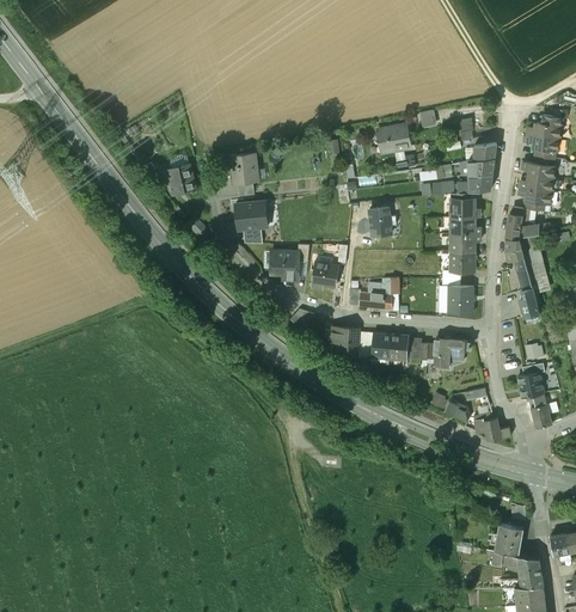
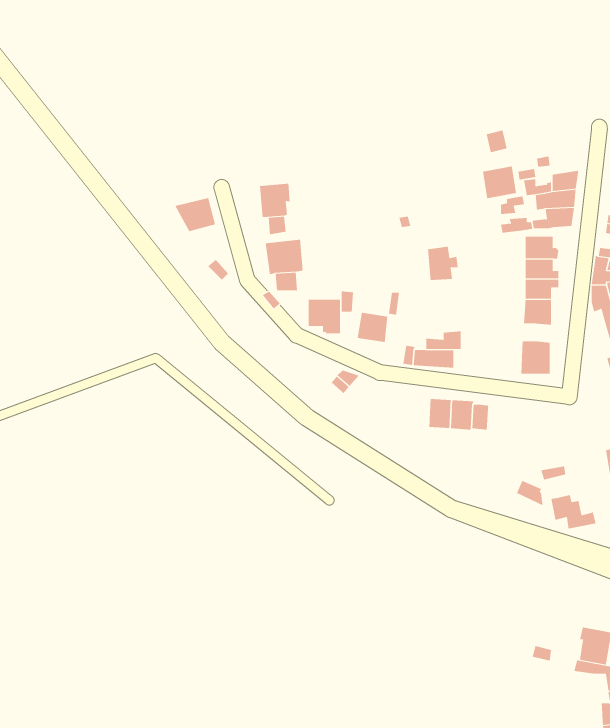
building: [380,126,409,153] -> [482,166,517,199]
building: [324,325,359,351] -> none
building: [435,339,470,366] -> none

